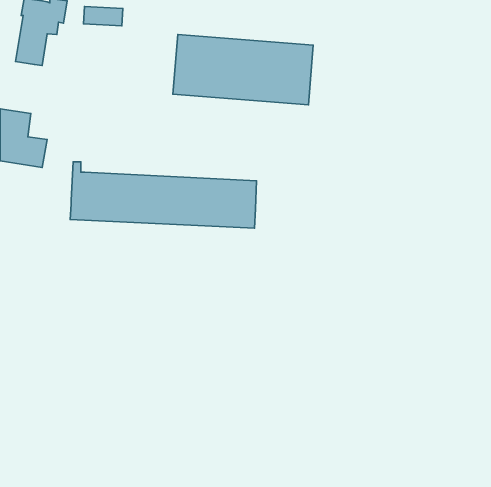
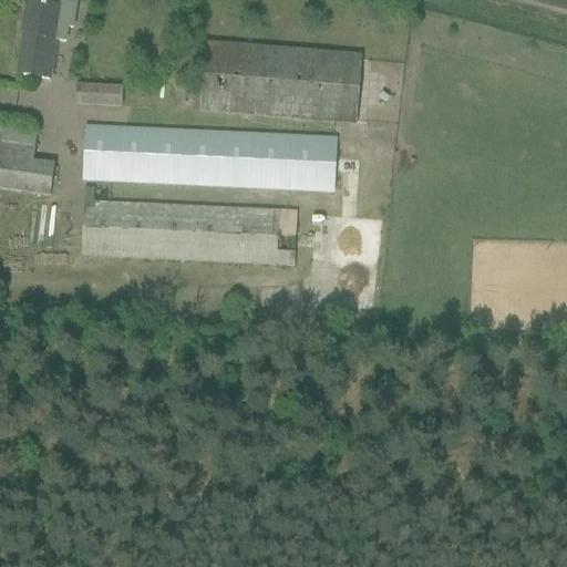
building: [83,7,123,26] -> [76,82,122,104]
building: none -> [84,123,336,192]

